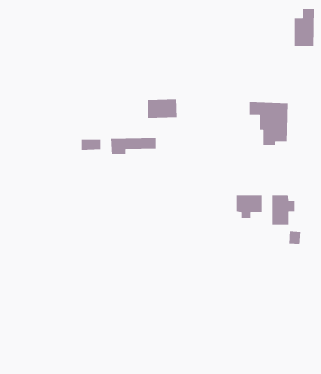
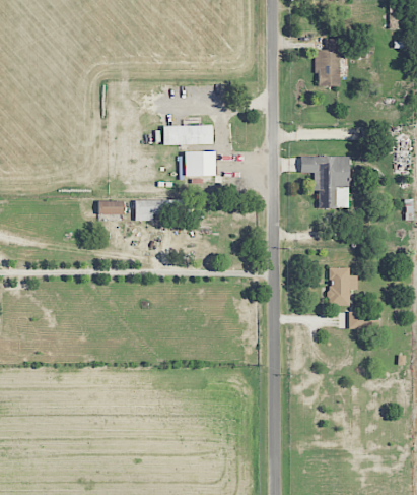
building: [294,8,315,47] -> [316,39,341,85]
building: none -> [162,125,212,145]
building: [236,194,263,219] -> none

